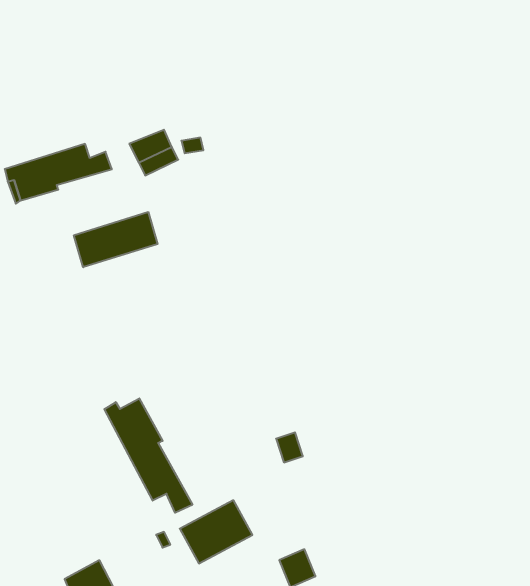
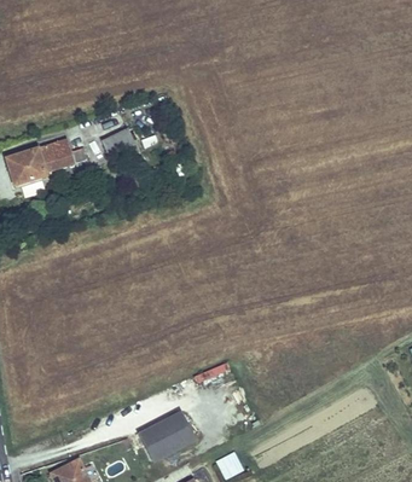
building: [74,212,158,267] -> none
building: [104,398,192,513] -> none

